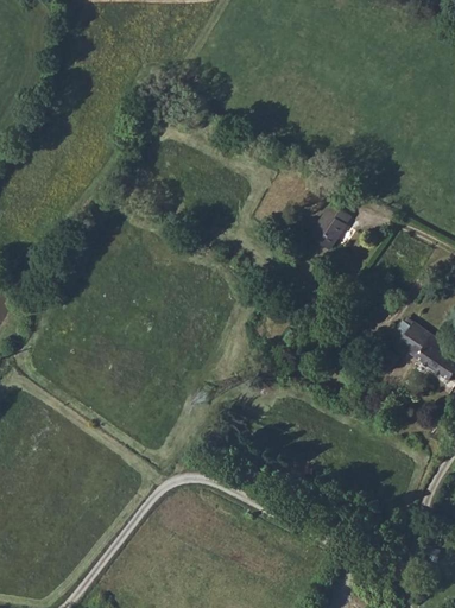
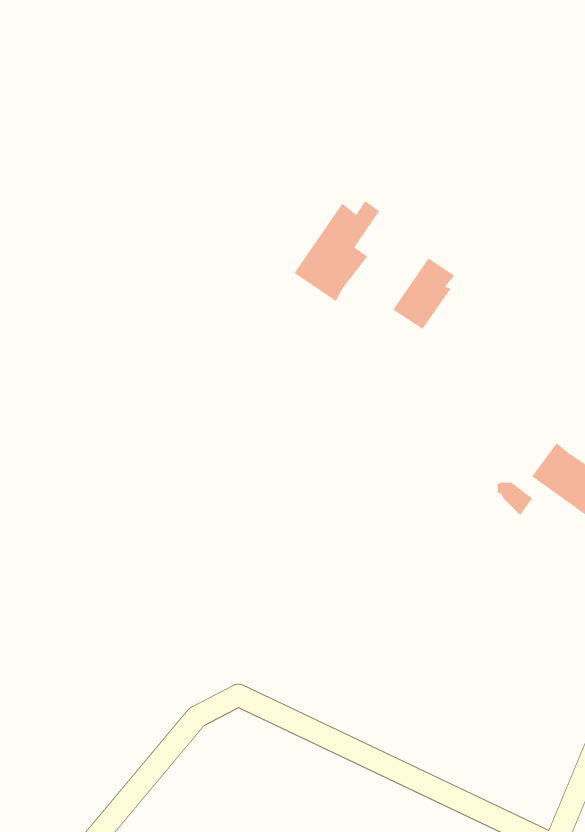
building: none -> [294,200,380,302]

